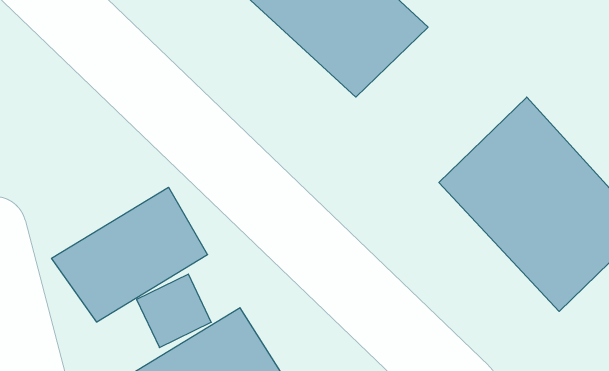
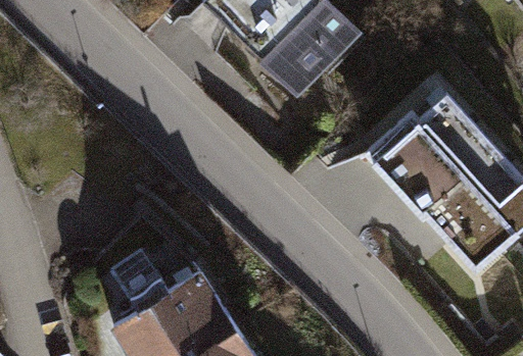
building: [52,187,208,322] -> none

